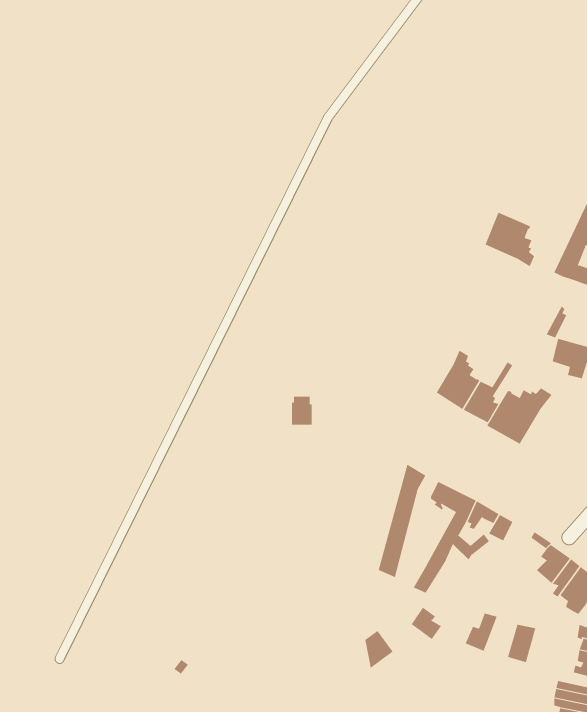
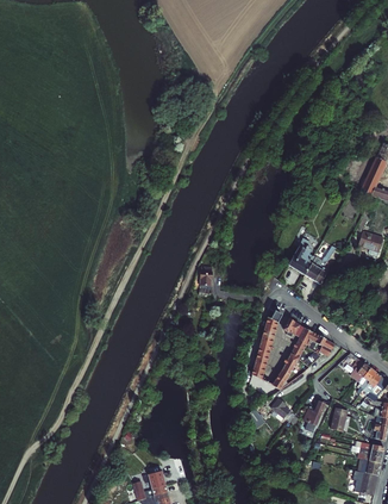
building: [485,212,535,267] -> none
building: [486,388,553,445] -> none

